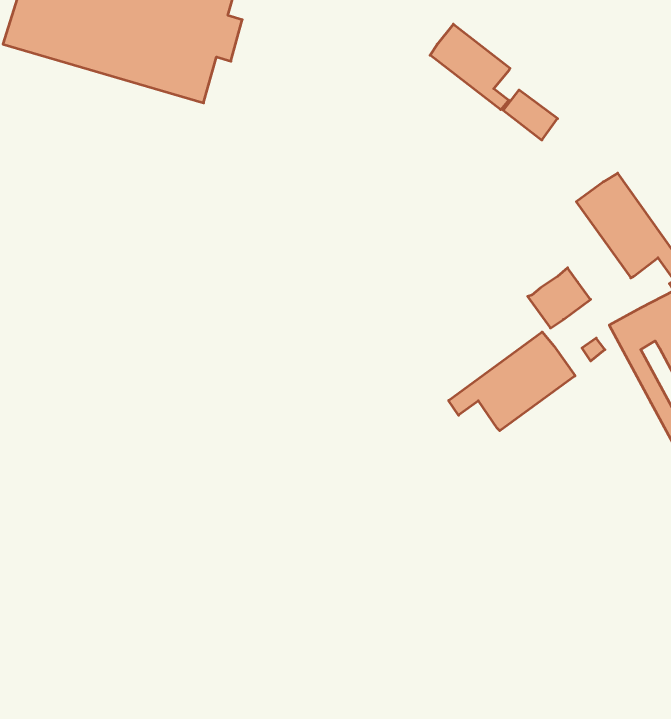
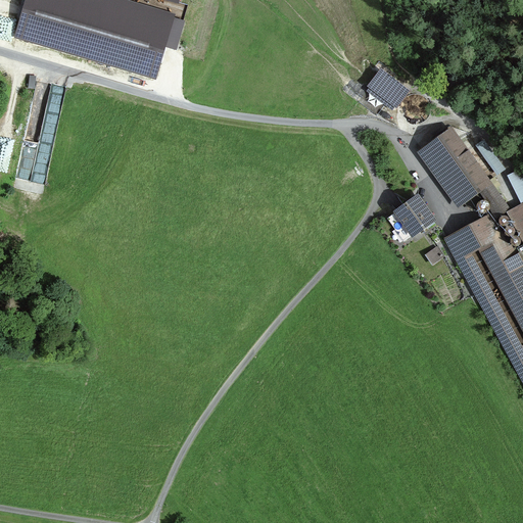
building: [430,24,510,110] -> none
building: [449,332,575,431] -> none

